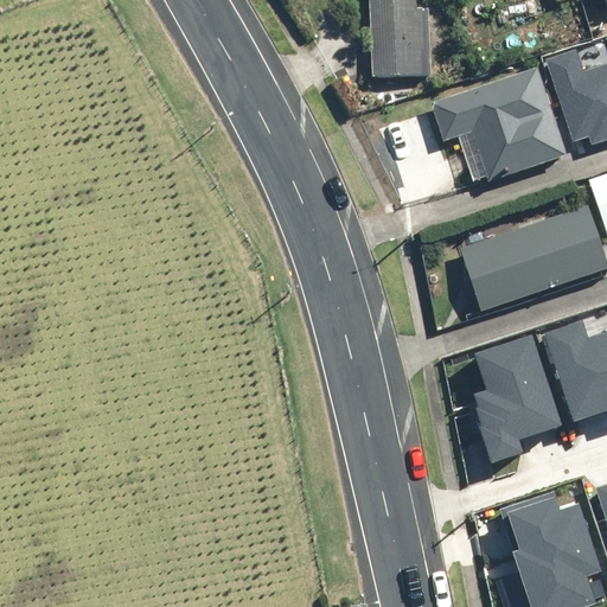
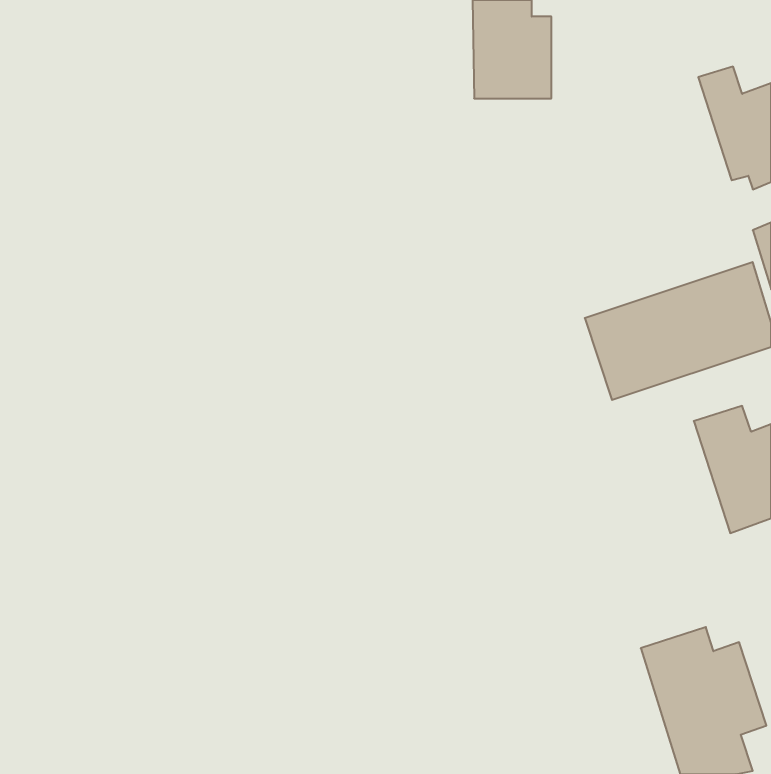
building: [428,66,569,180] -> none
building: [472,336,561,445] -> none

